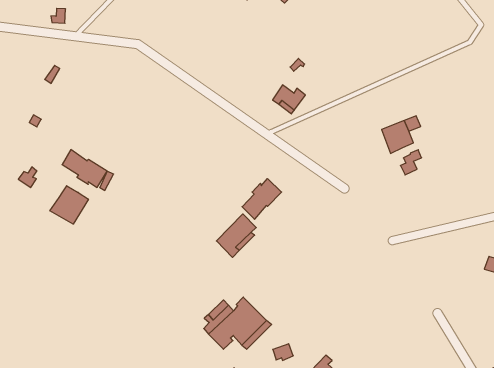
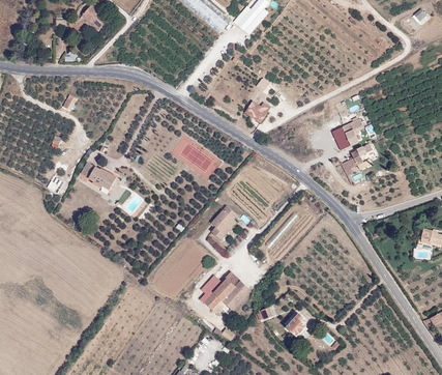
building: [242,179,282,219] -> none
building: [50,186,88,224] -> none

